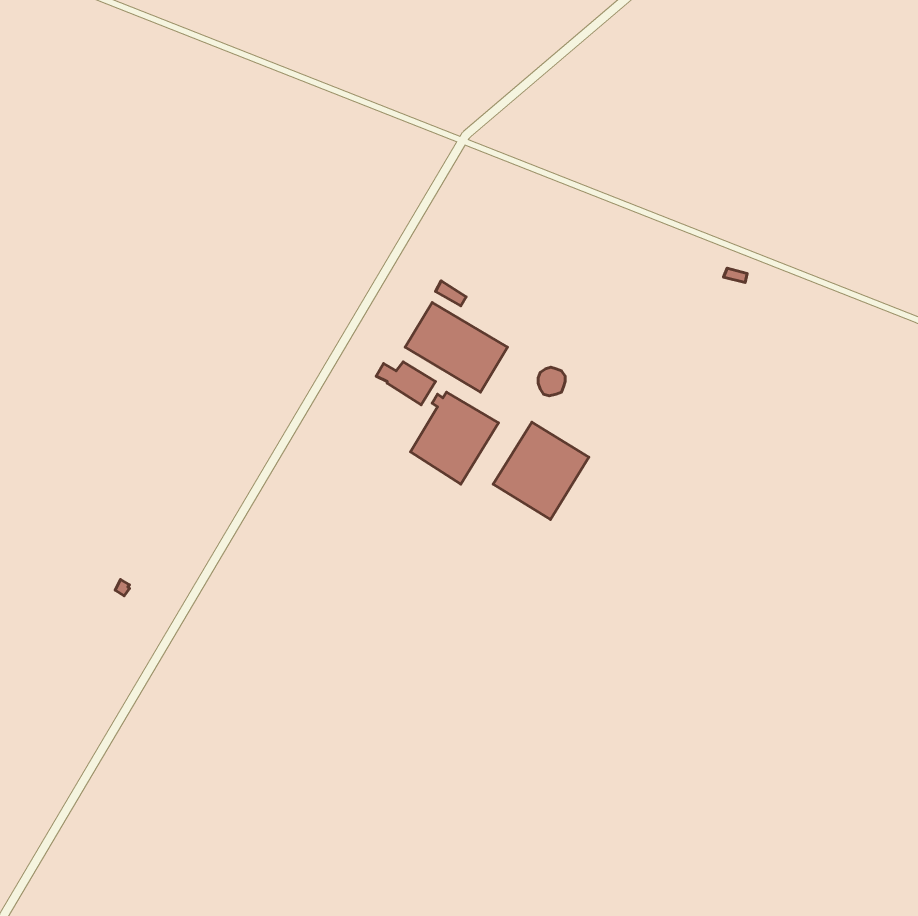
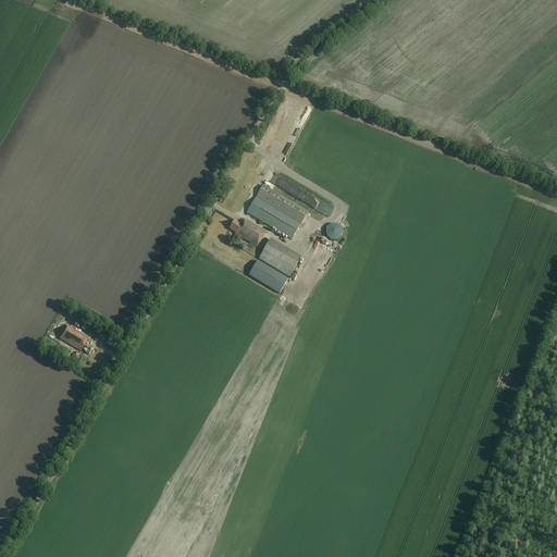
building: [493,422,589,519] -> none
building: none -> [58,323,91,352]

